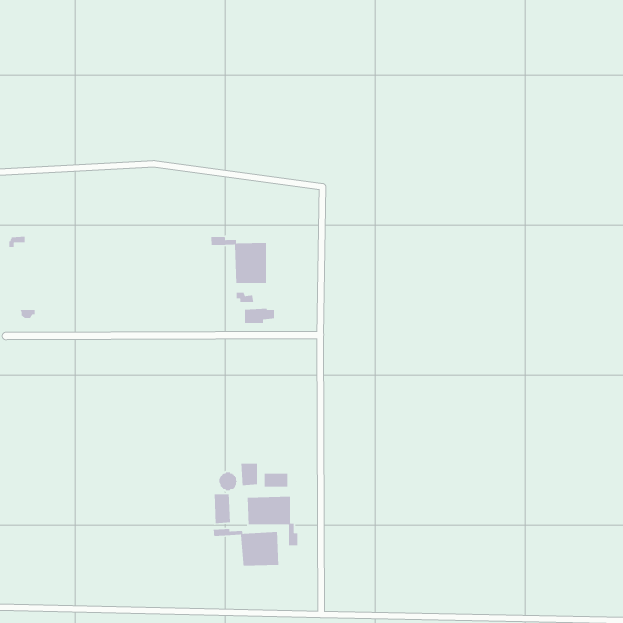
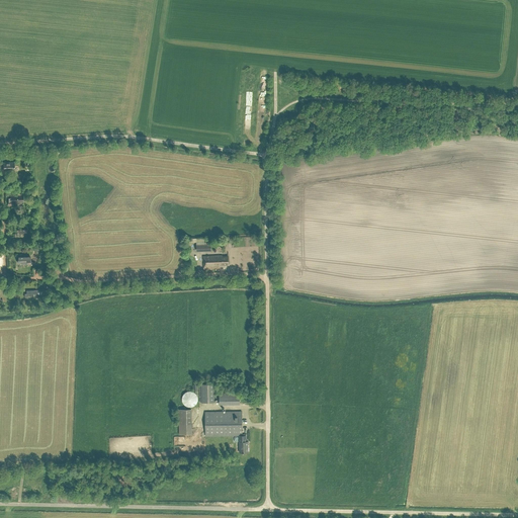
building: [211,236,267,284] -> none
building: [213,528,279,567] -> none

